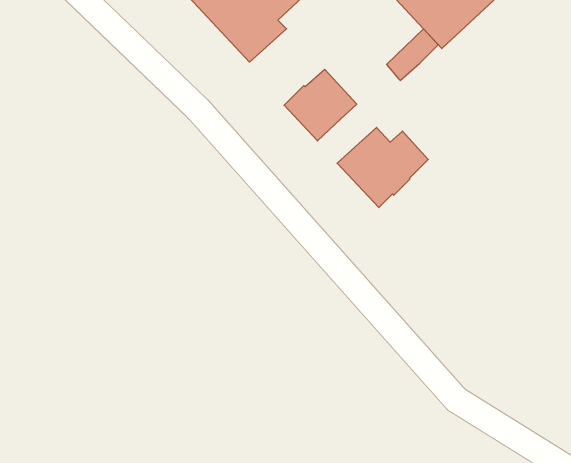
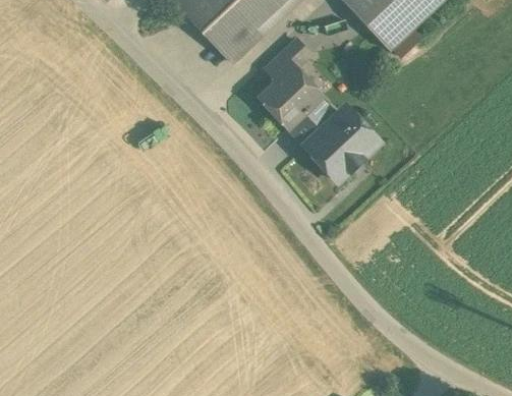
building: [387,29,438,80] -> [267,40,309,82]
building: none -> [288,107,337,146]

